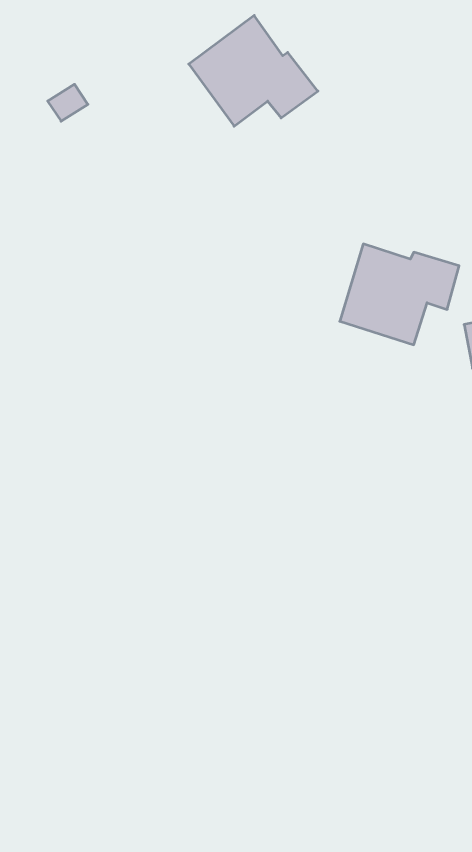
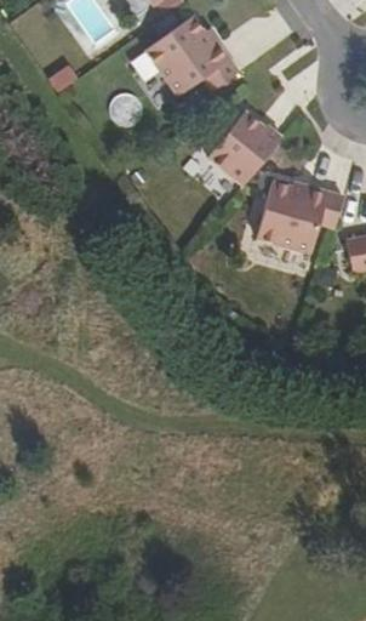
building: none -> [208,110,282,184]

